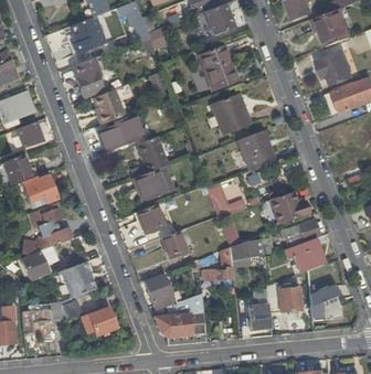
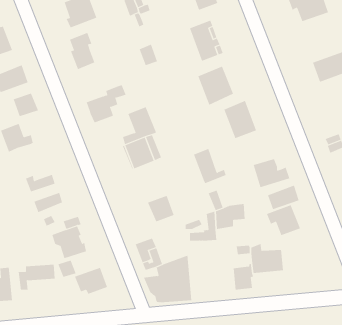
building: [316,50,354,86] -> none
building: [93,89,125,126] -> none
building: [21,175,57,209] -> none
building: [135,205,165,235] -> none
building: [19,253,47,280] -> none
building: [309,286,340,320] -> none

